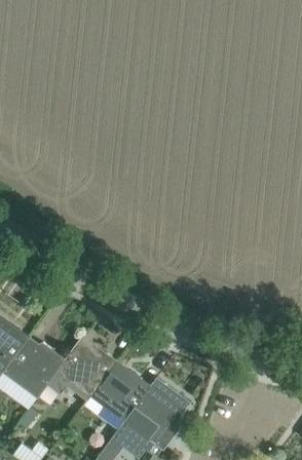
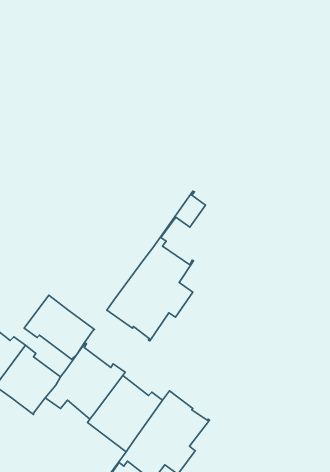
building: none -> [107,191,206,341]
building: none -> [24,295,95,359]

